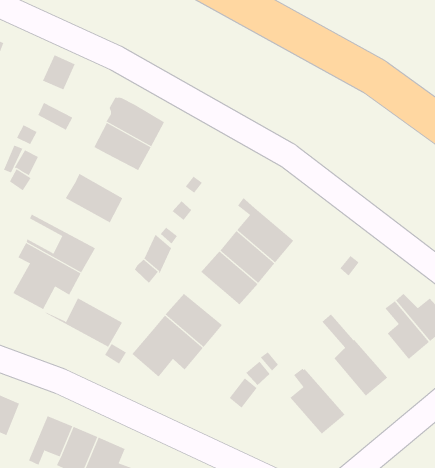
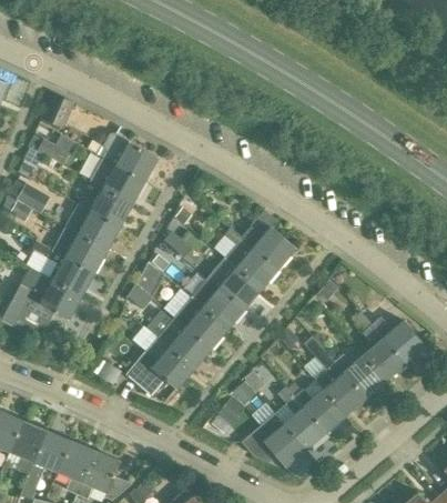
building: none -> [77,188,132,229]
building: none -> [241,210,295,269]
building: none -> [174,298,226,348]
building: [44,298,123,347] -> [32,229,105,275]
building: none -> [334,354,384,396]
building: none -> [287,379,344,431]
building: none -> [241,415,303,466]
building: none -> [9,421,47,474]

